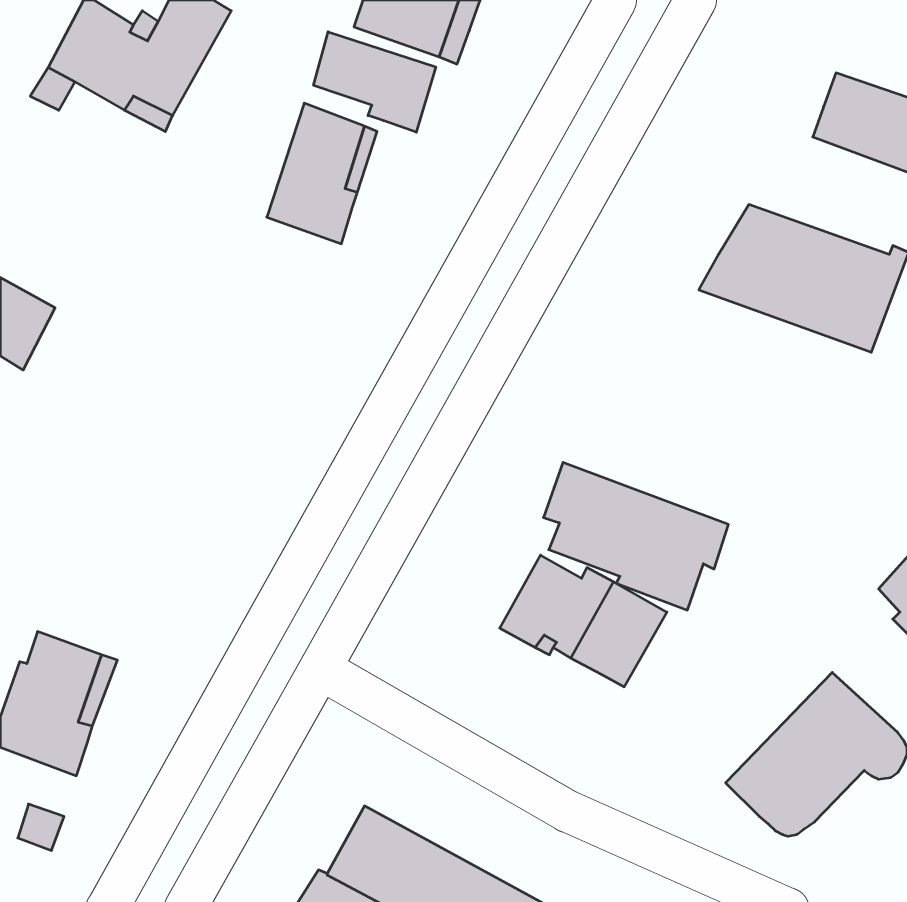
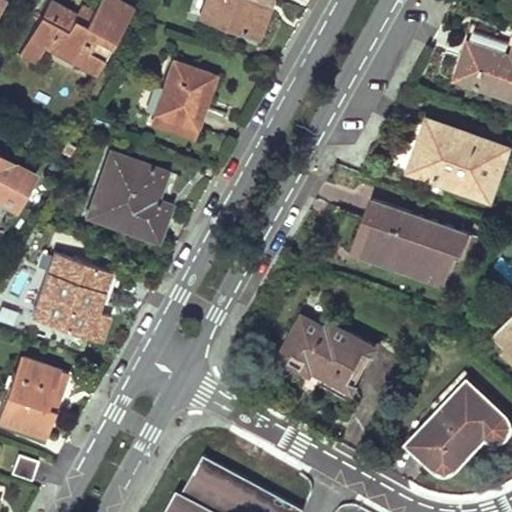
building: [314,32,436,132] -> none
building: none -> [87,154,168,242]
building: none -> [30,255,110,343]
building: [543,462,728,610] -> [363,200,467,283]

